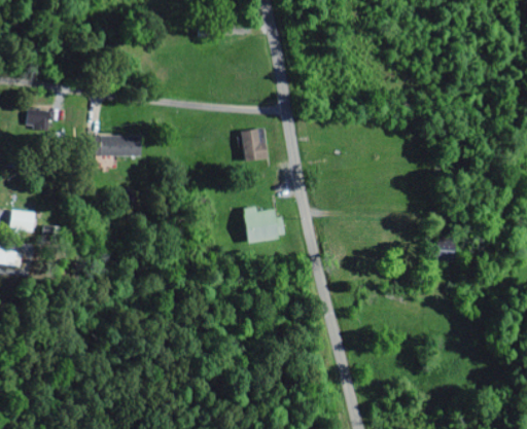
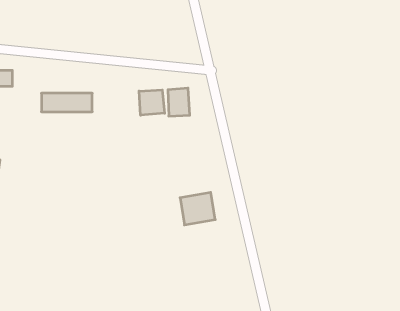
building: none -> [139,90,165,115]
building: [240,206,281,244] -> [180,192,215,225]

